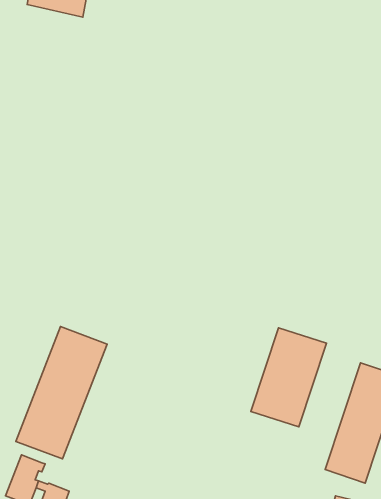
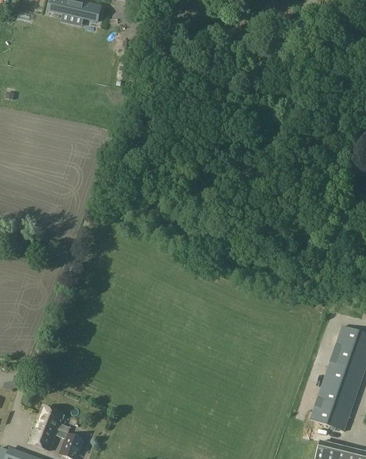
building: [16,327,107,459] -> none
building: [251,328,326,427] -> none

